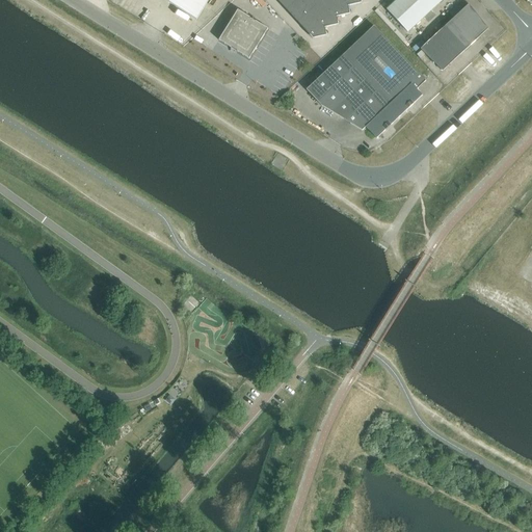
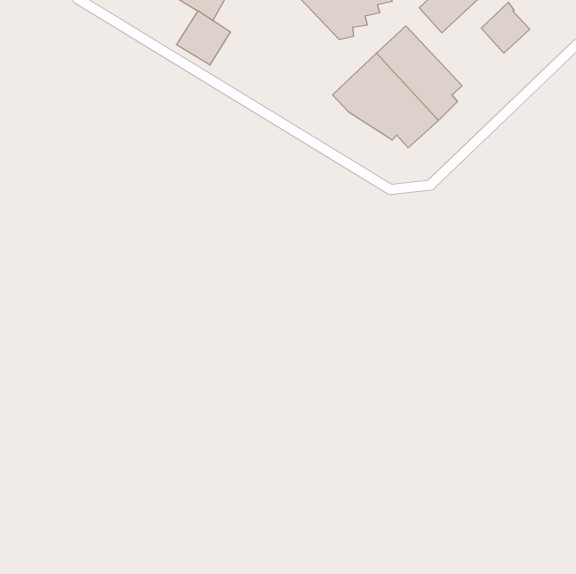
building: [218,7,268,57] -> [176,11,231,65]
building: [421,26,464,70] -> none

